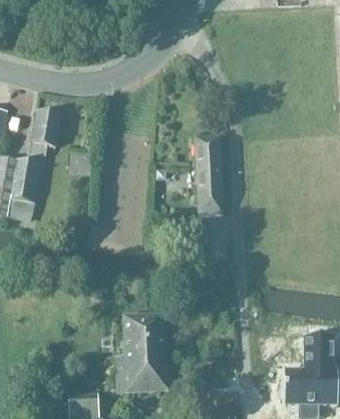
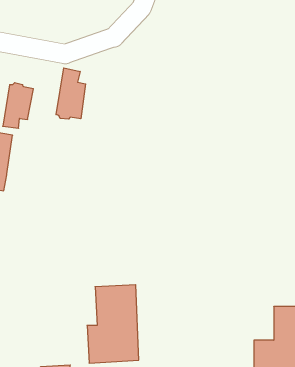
building: none -> [56,68,86,119]
building: [194,137,223,216] -> none

